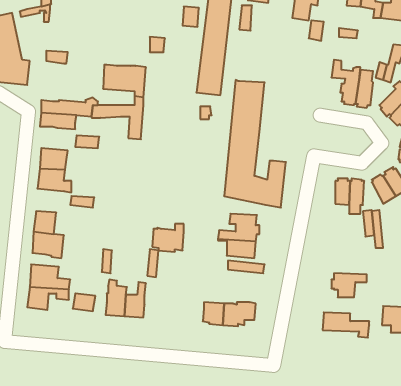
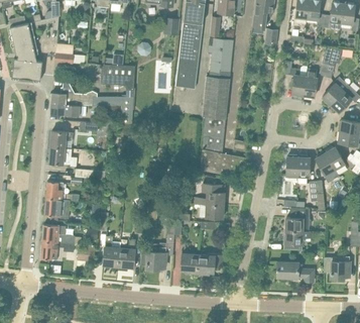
building: none -> [208,38,233,79]
building: [152,224,184,252] -> [141,247,166,270]
building: none -> [285,207,312,232]

